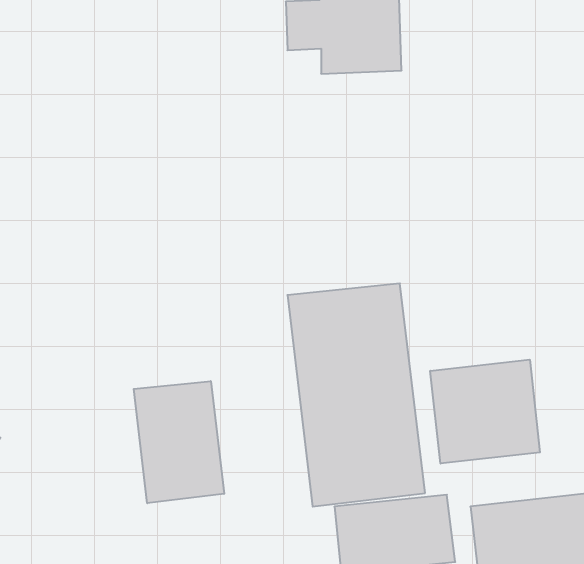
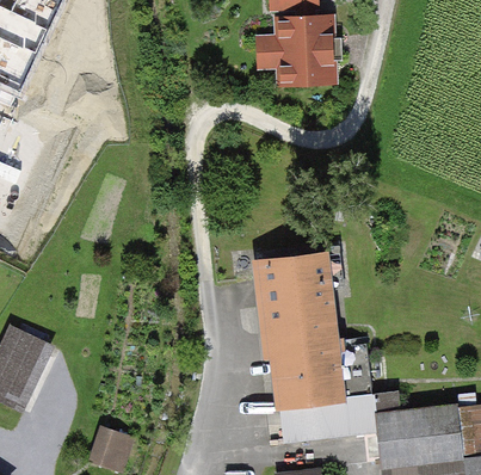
building: [430,360,540,464] -> none
building: [134,381,224,503] -> none

